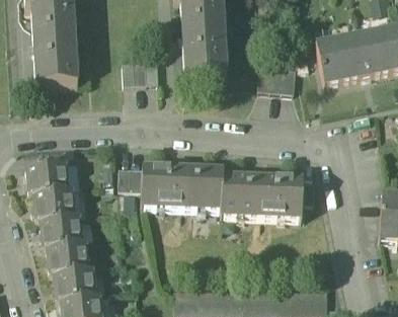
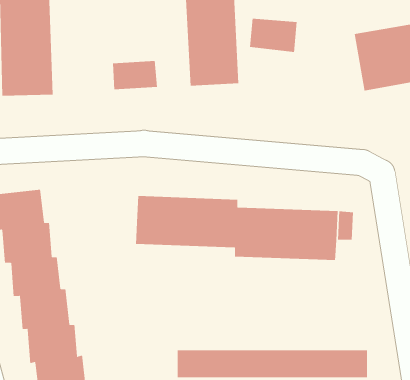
building: [257,64,296,91] -> [249,18,297,52]
building: [117,165,144,187] -> none

